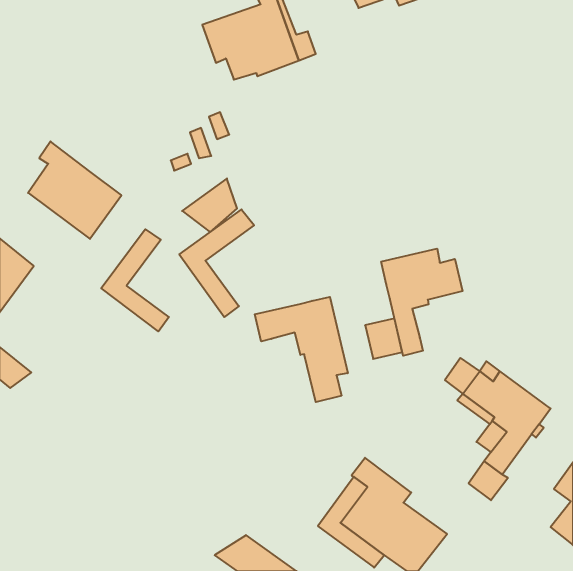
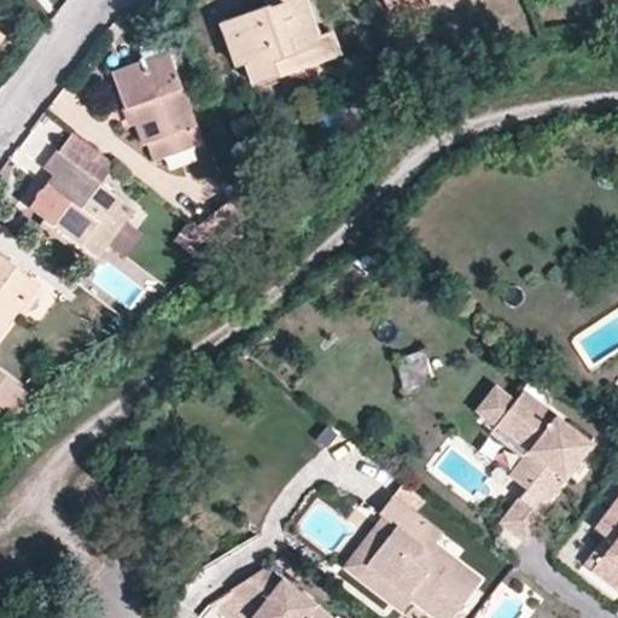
building: none -> [115,53,199,163]
building: none -> [54,133,111,185]
building: [179,209,254,317] -> none
building: [101,229,169,331] -> none
building: [381,249,463,356] -> none
building: [255,297,348,402] -> none

